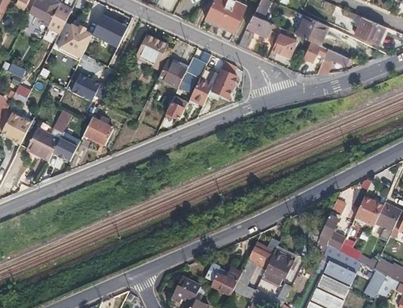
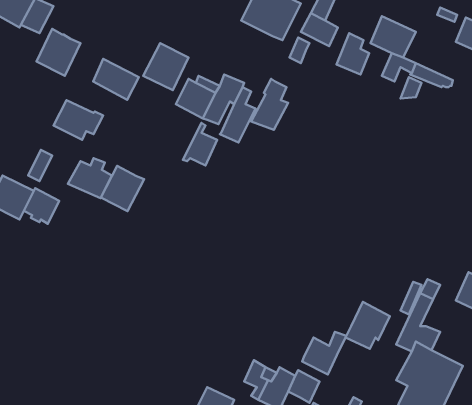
building: [95,15,127,44] -> [93,59,139,100]
building: none -> [101,166,144,211]
building: [262,251,293,284] -> [346,302,390,349]

